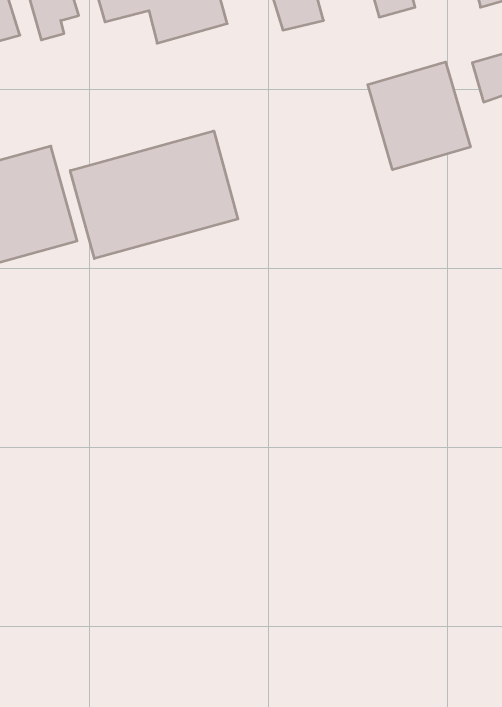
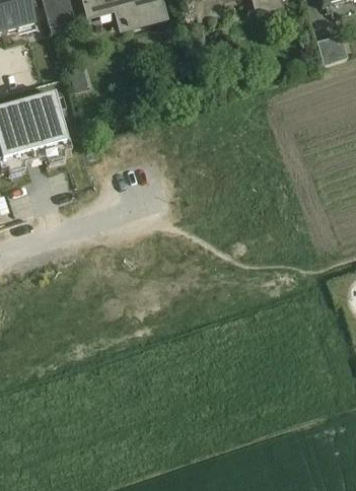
building: [368,62,470,170] -> none
building: [70,131,238,259] -> none

